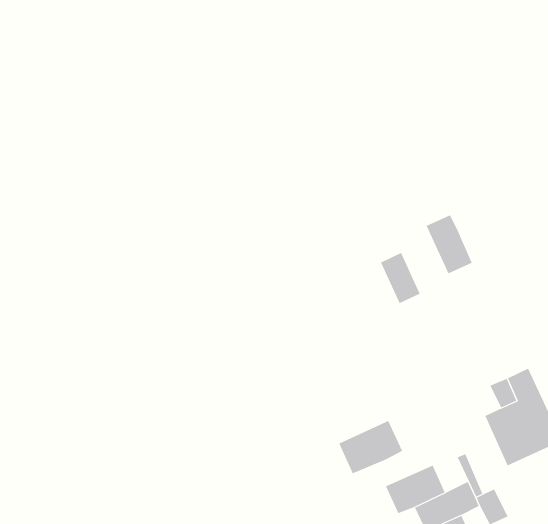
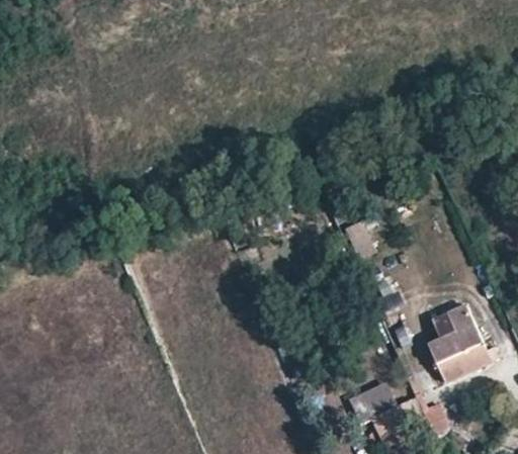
building: [426,214,472,274] -> none
building: [339,420,403,474] -> none

